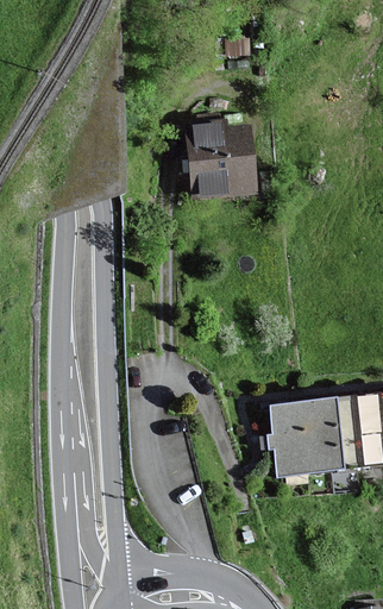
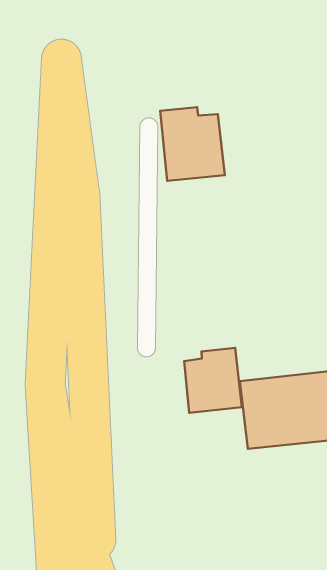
building: none -> [184,348,242,413]

